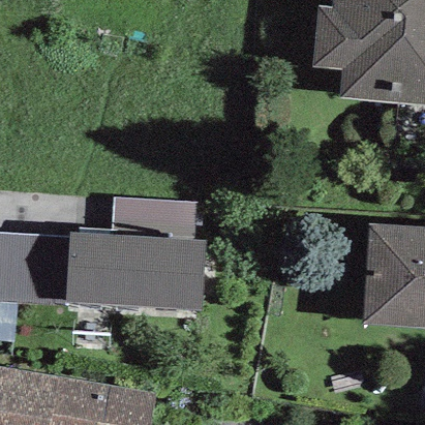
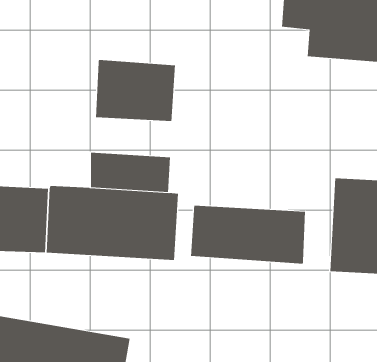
building: none -> [96,59,175,122]
building: none -> [191,205,305,264]

